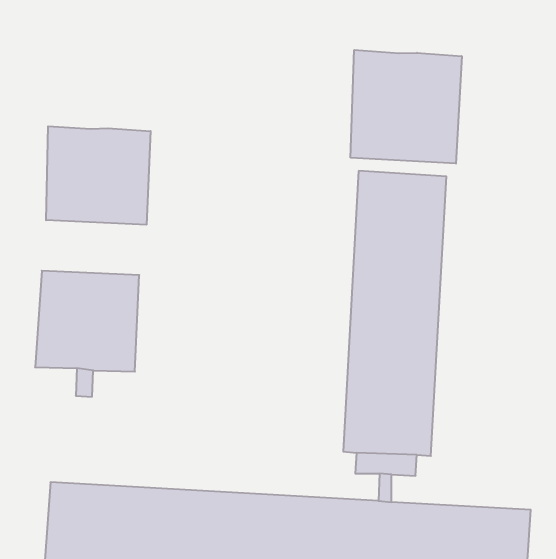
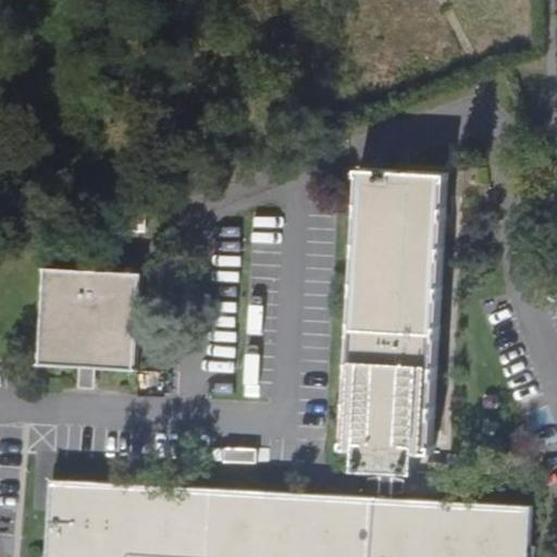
building: [351,50,462,164] -> none
building: [46,126,151,225] -> none

